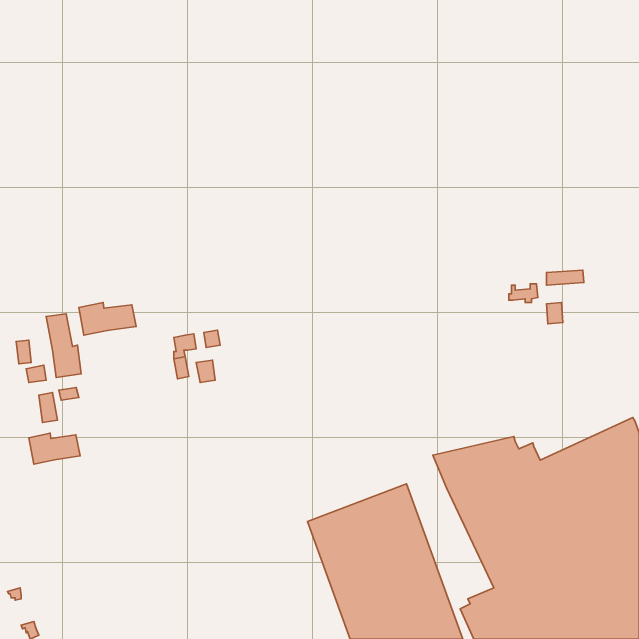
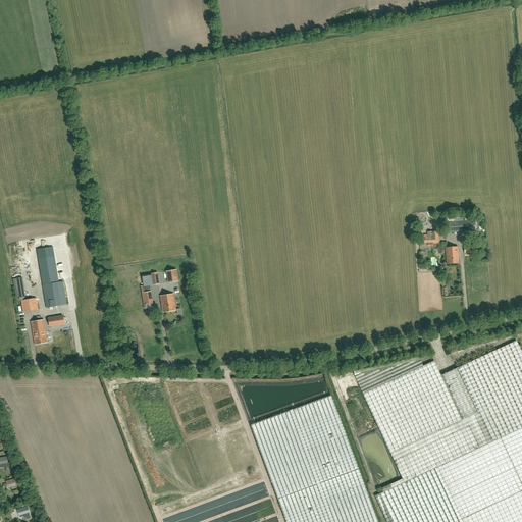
building: [79,303,136,335] -> none
building: [29,433,80,464] -> none

